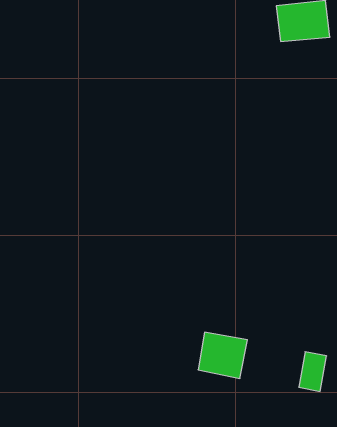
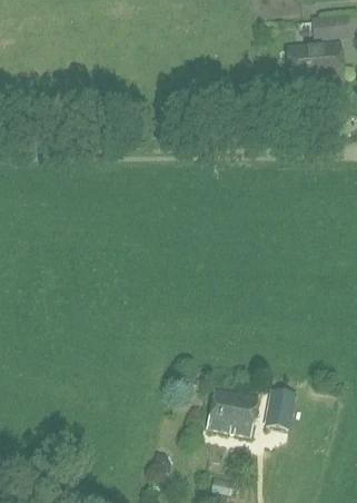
building: [299,352,327,391] -> [266,387,295,428]

